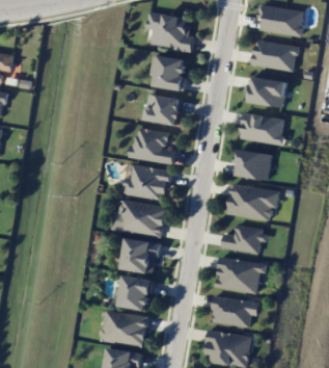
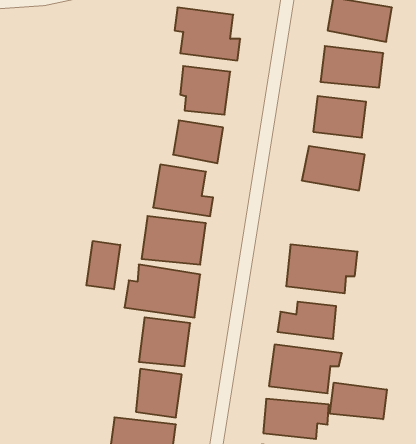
building: [235,149,272,182] -> none
building: none -> [86,241,120,289]
building: none -> [330,383,387,419]

